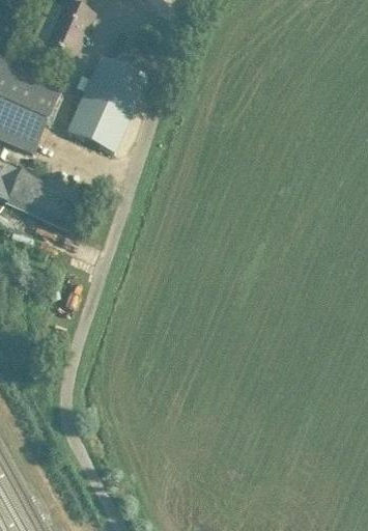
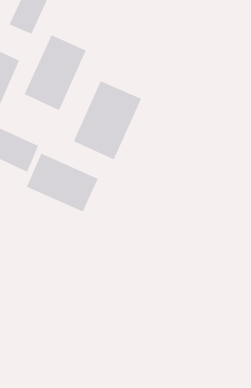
building: none -> [73,80,142,160]
building: none -> [26,153,99,212]

